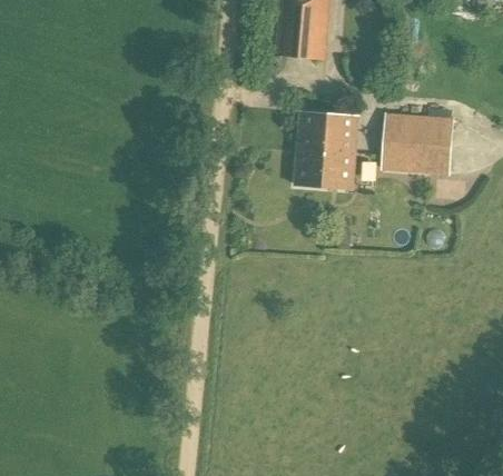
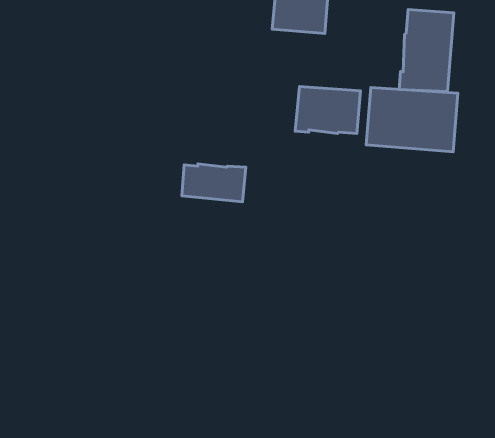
building: none -> [399,10,454,92]
building: [297,153,359,190] -> [182,164,246,202]

